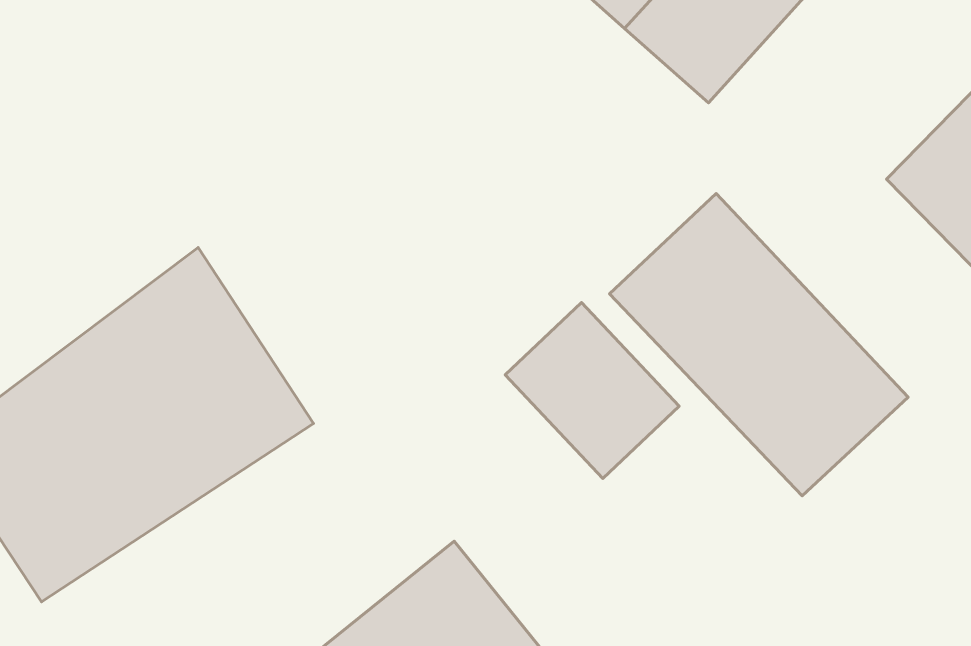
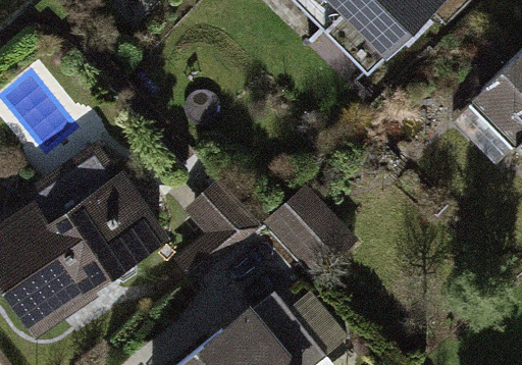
building: [610,193,908,496] -> none

